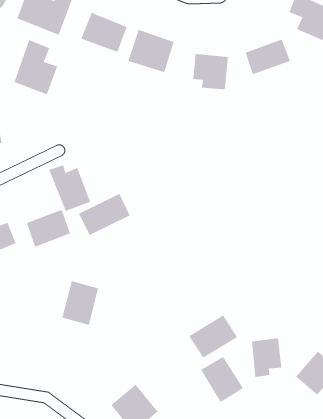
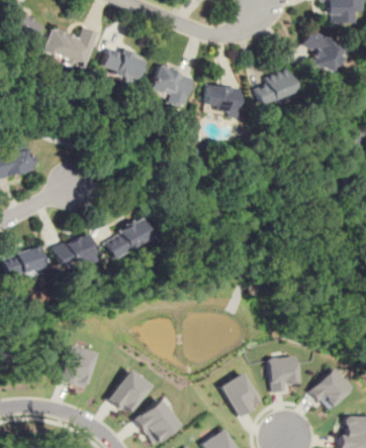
building: [14,39,58,95] -> none
building: [49,164,91,212] -> none
building: [62,281,99,325] -> [60,345,95,387]
building: [189,315,238,359] -> none
building: none -> [107,369,150,414]

